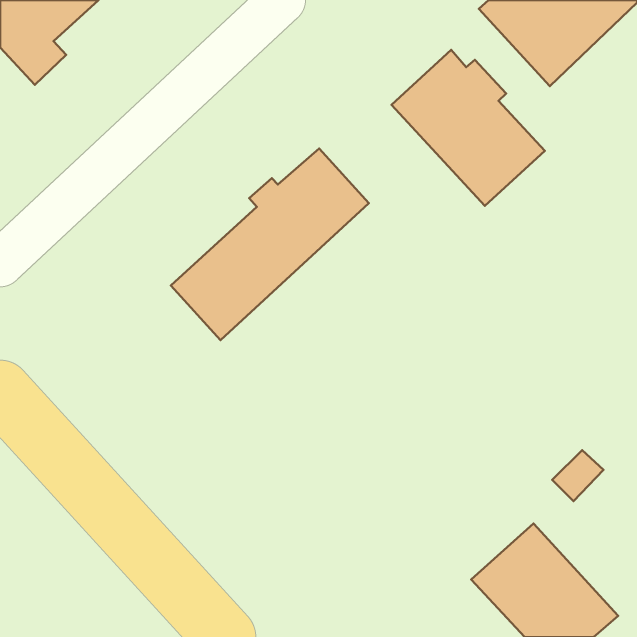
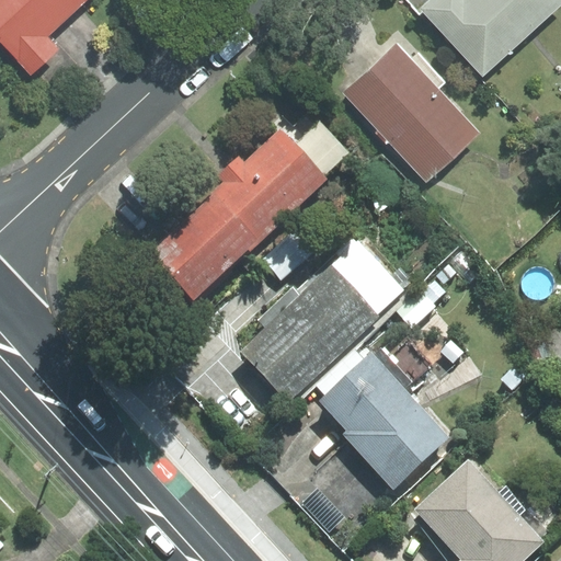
building: none -> [240,237,405,402]
building: none -> [320,354,448,488]

